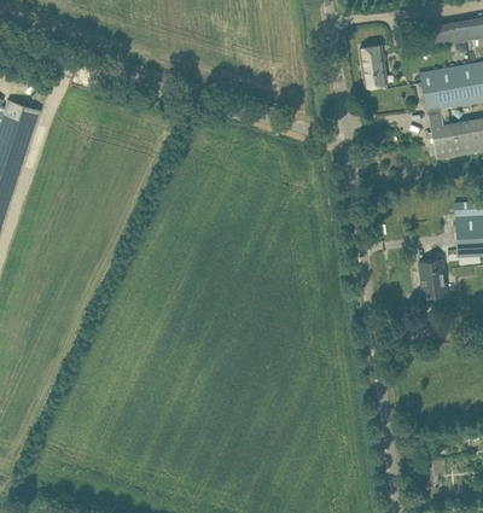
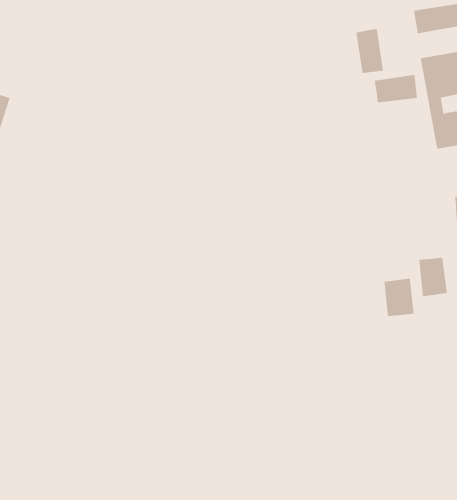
building: none -> [374,74,417,103]
building: none -> [384,278,414,317]

